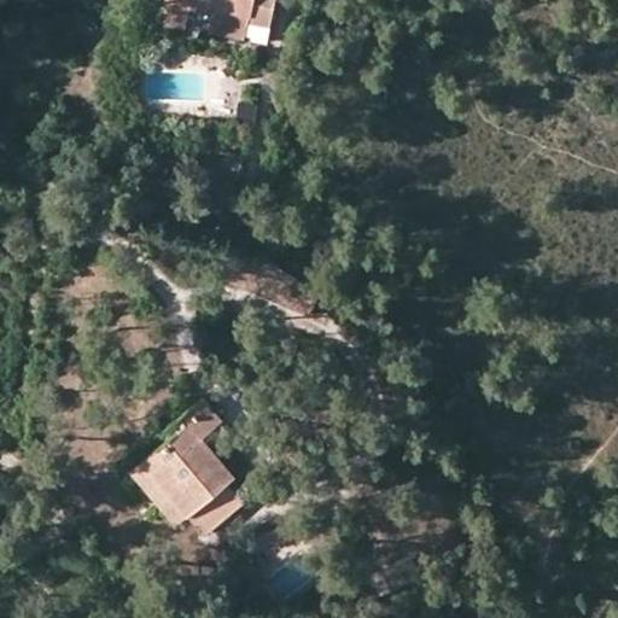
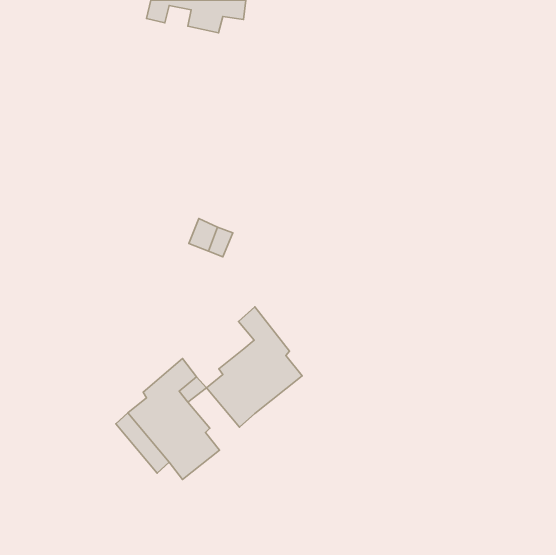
building: none -> [206,307,302,427]

